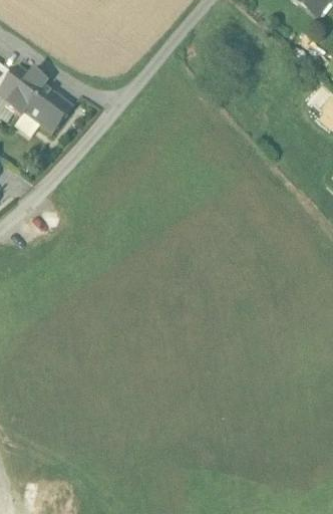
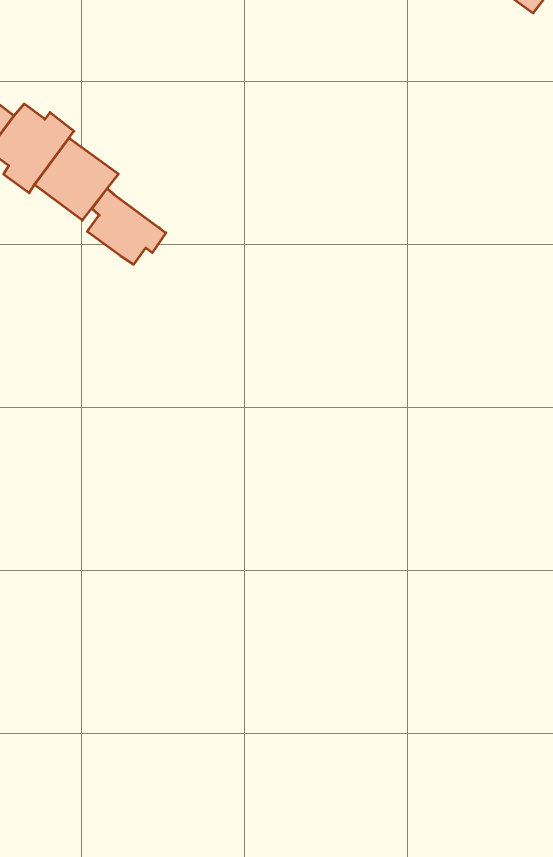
building: none -> [87,189,166,264]

